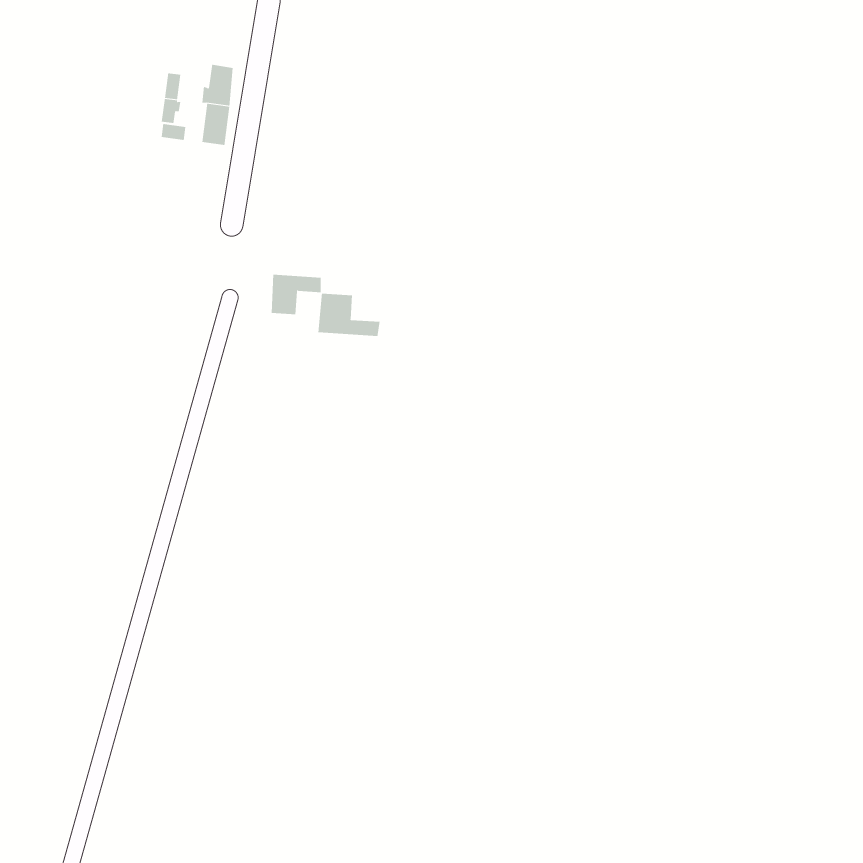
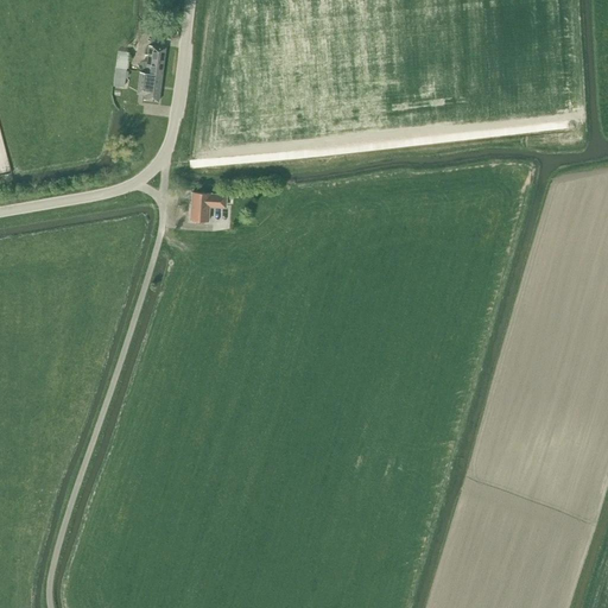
building: [318,293,380,337] -> none

